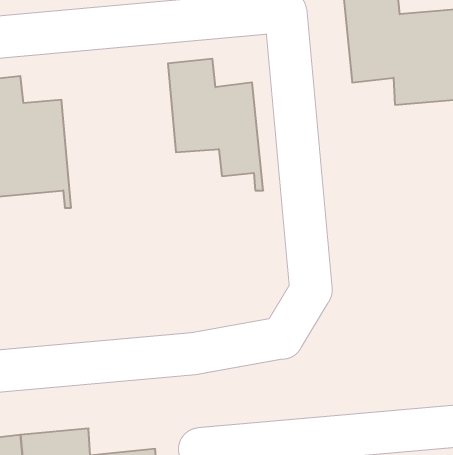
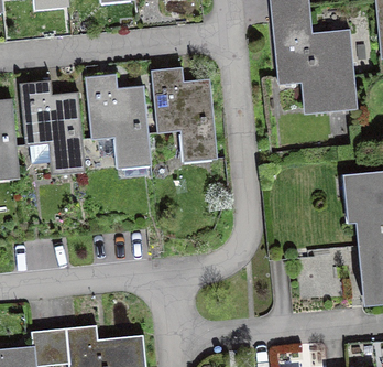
building: none -> [85,75,150,166]

